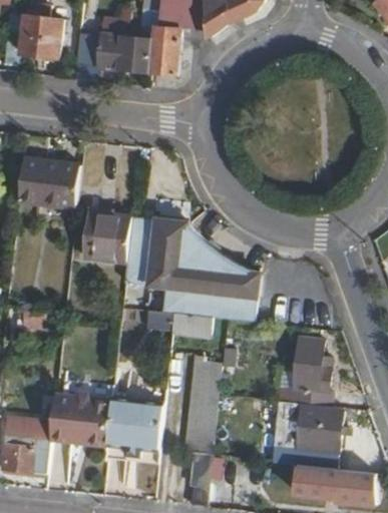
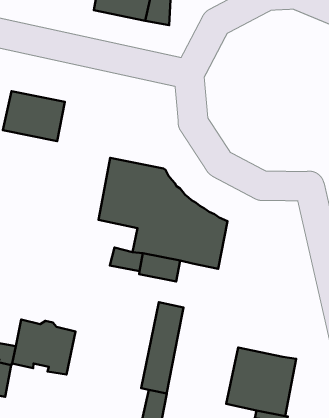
building: [82,213,130,261] -> none
building: [277,337,331,406] -> none
building: [106,395,164,457] -> none

